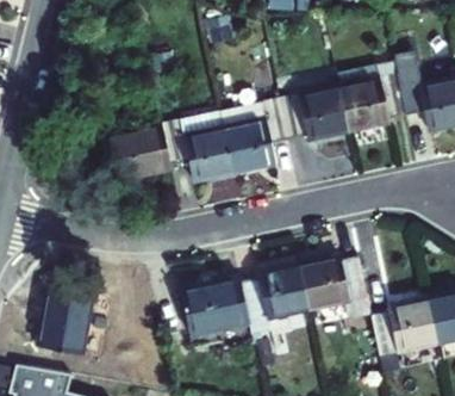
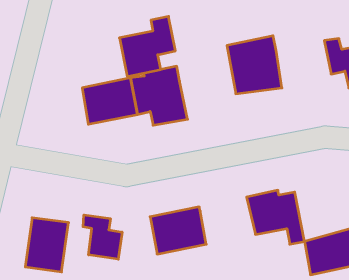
building: [336,78,403,135] -> none
building: [219,100,287,173] -> [119,16,175,76]
building: [244,267,311,336] -> none
building: none -> [83,215,122,259]

